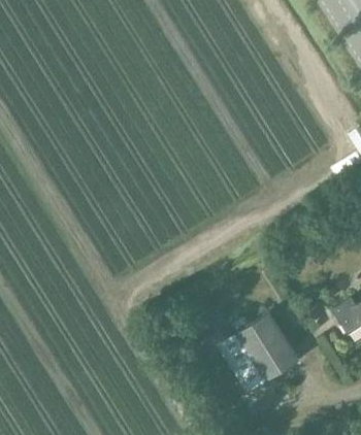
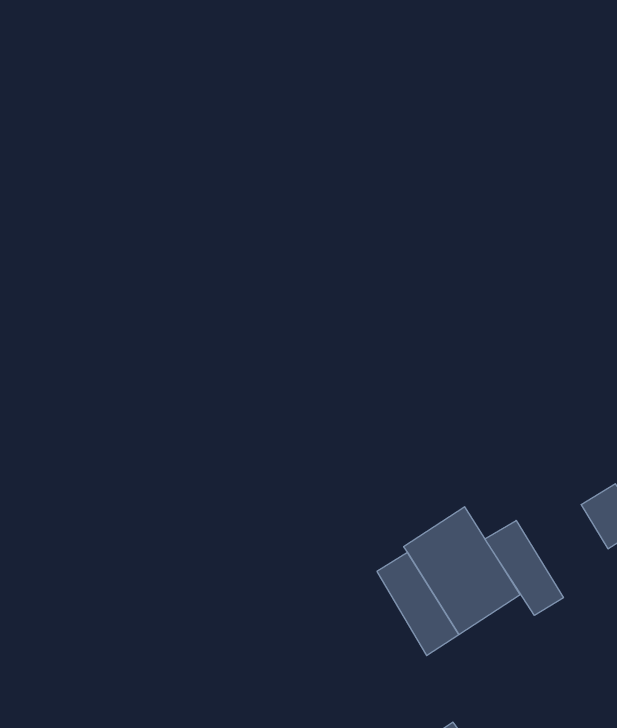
building: none -> [485,520,563,615]

